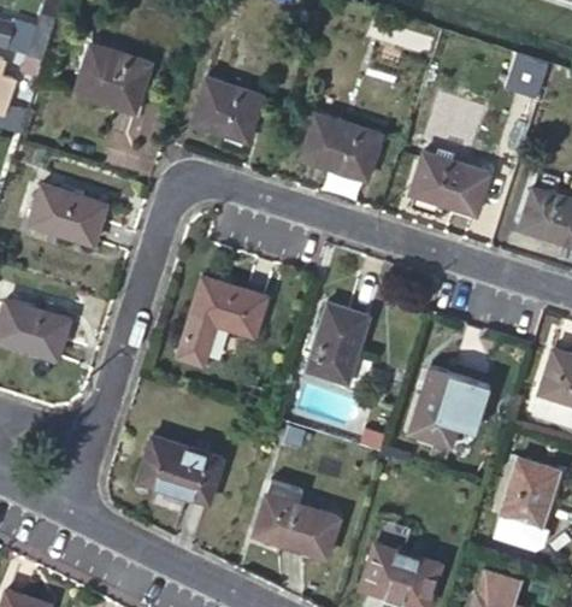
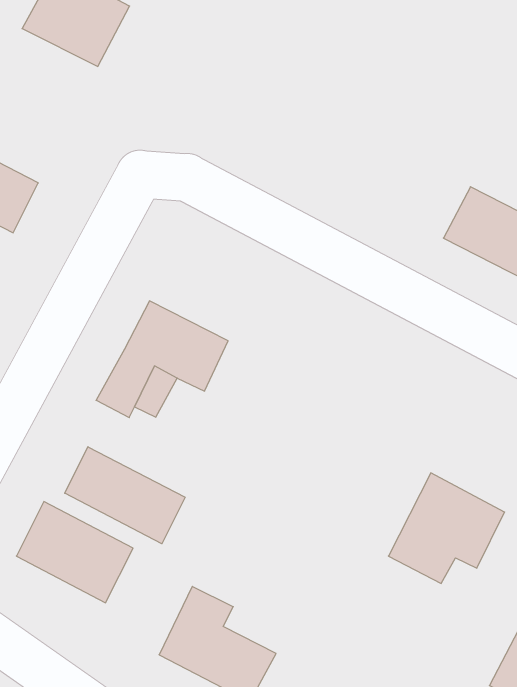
building: [193,78,263,142] -> none
building: [302,114,382,179] -> none
building: [306,303,370,385] -> none
building: none -> [65,447,185,544]

